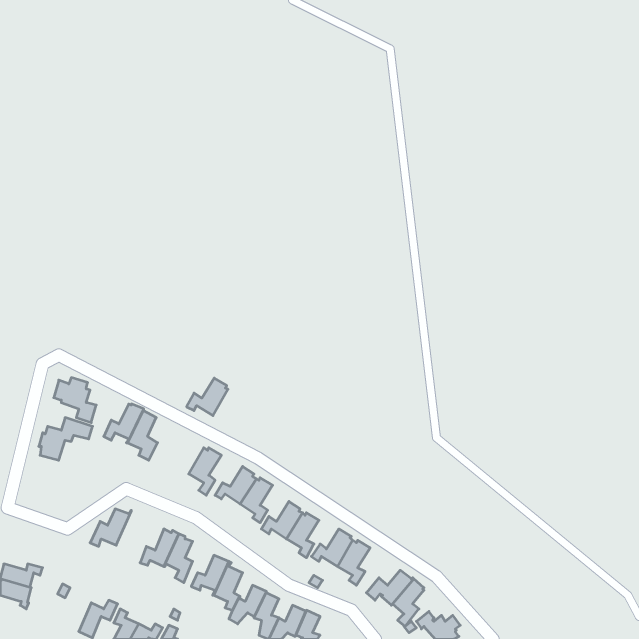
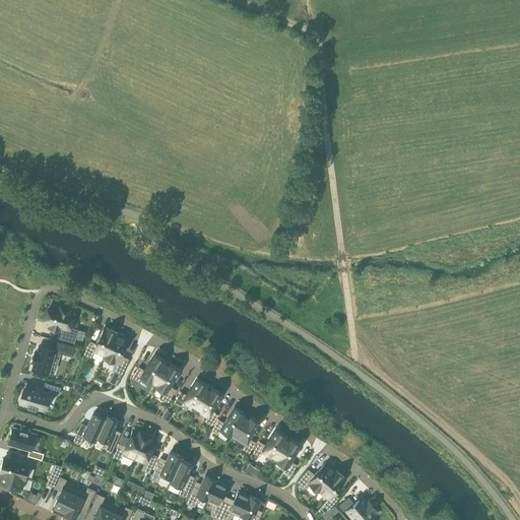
building: [187,378,228,416] -> [132,354,166,385]
building: none -> [19,382,61,410]
building: none -> [94,415,118,452]
building: none -> [8,428,44,460]
building: none -> [54,477,74,513]

